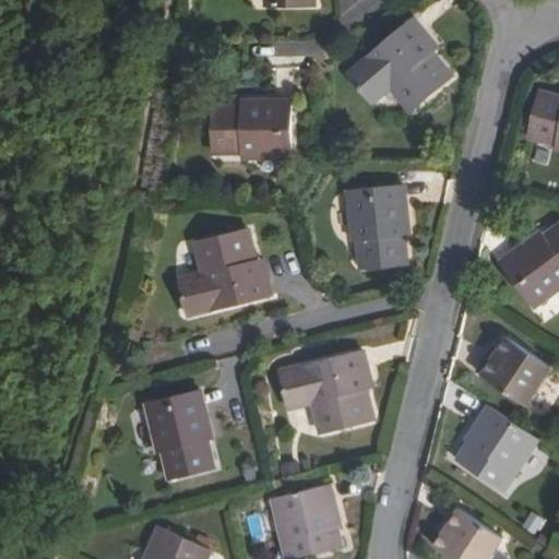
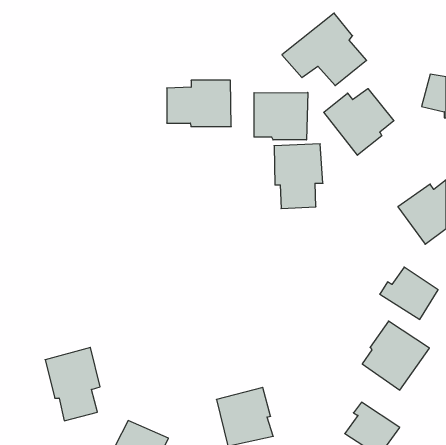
building: none -> [324,89,394,155]
building: none -> [254,92,308,140]
building: [178,229,272,316] -> none
building: [274,354,365,436] -> none
building: [144,392,213,484] -> [45,347,100,421]

